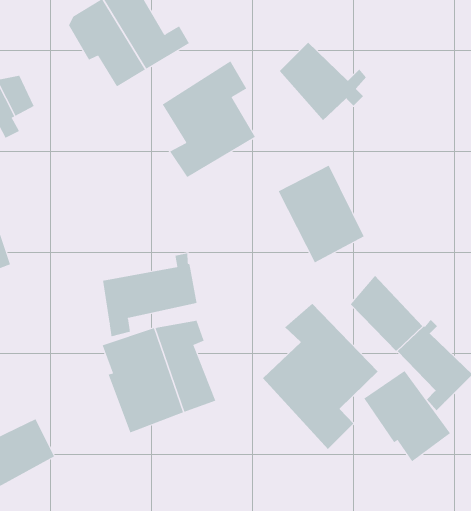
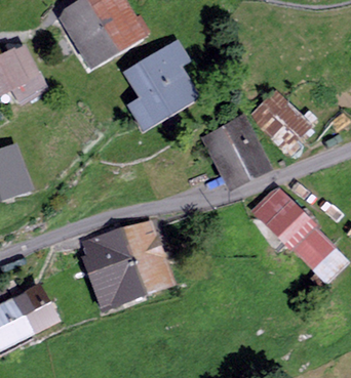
building: [279,42,367,121] -> [252,94,314,150]
building: [103,253,197,337] -> none
building: [262,303,379,450] -> none
building: [363,370,451,462] -> none

